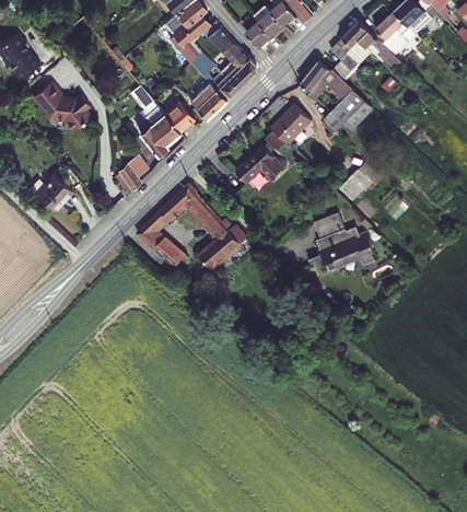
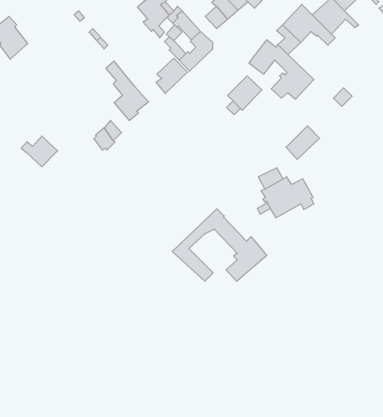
building: [30,83,91,131] -> none
building: [163,103,194,133] -> none
building: [236,146,284,183] -> none
building: [137,183,248,268] -> [172,209,267,281]

